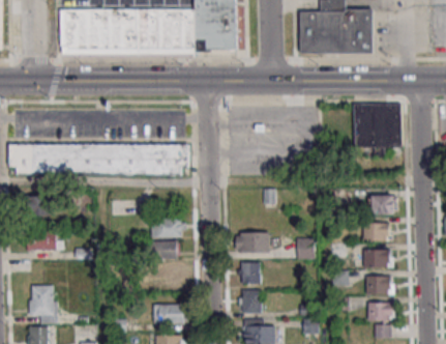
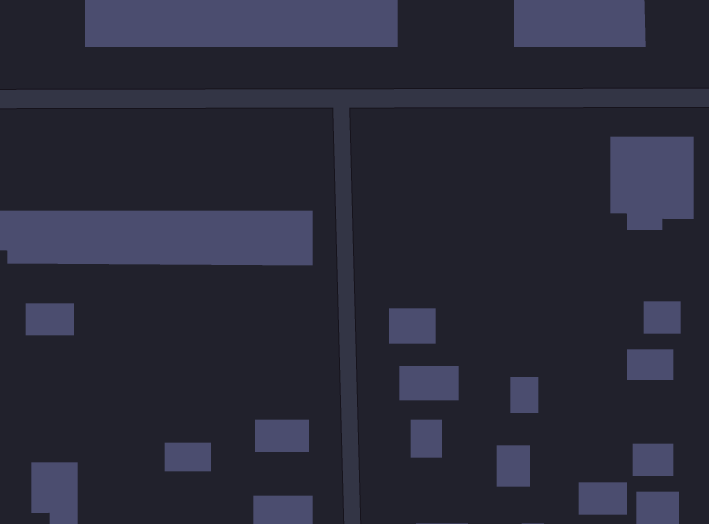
building: none -> [389,307,436,345]
building: [150,219,184,237] -> none
building: [26,231,57,250] -> none
building: [150,241,177,258] -> [164,442,212,472]
building: [363,249,391,267] -> [578,482,628,515]
building: [241,290,261,314] -> [496,445,531,487]

